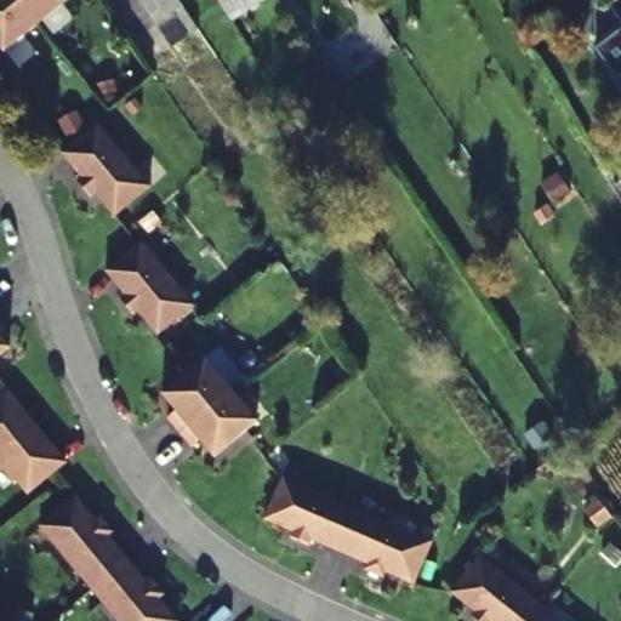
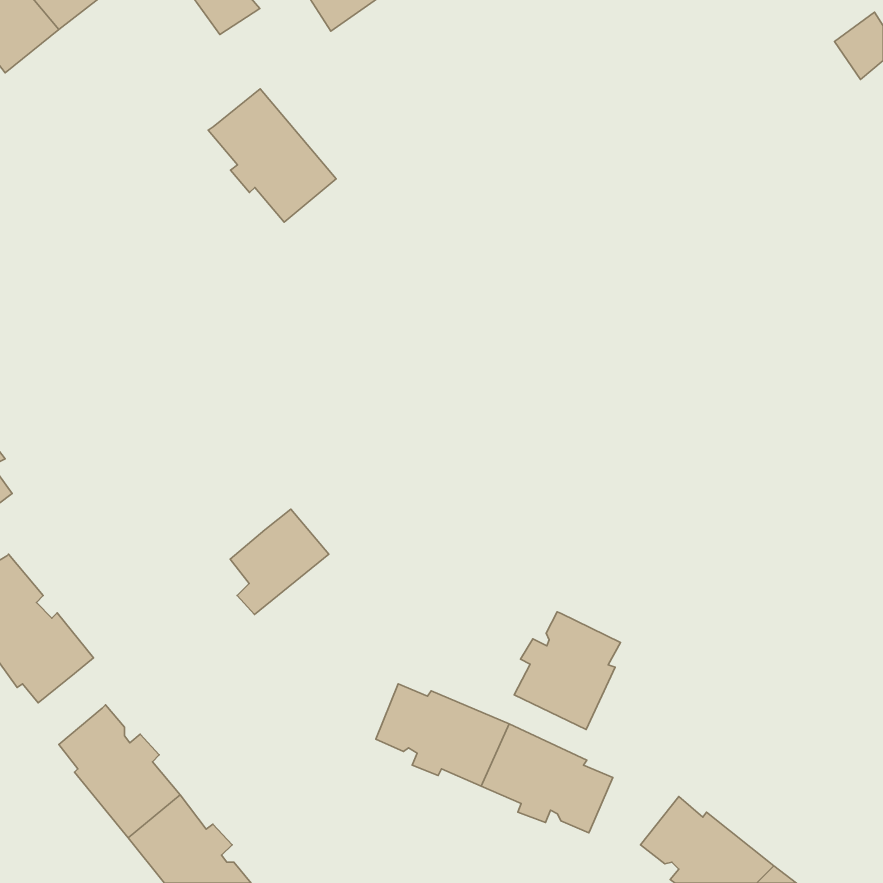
building: [61,123,150,216] -> [208,89,336,222]
building: [104,240,193,334] -> none
building: [178,388,256,455] -> none
building: none -> [514,612,621,729]

